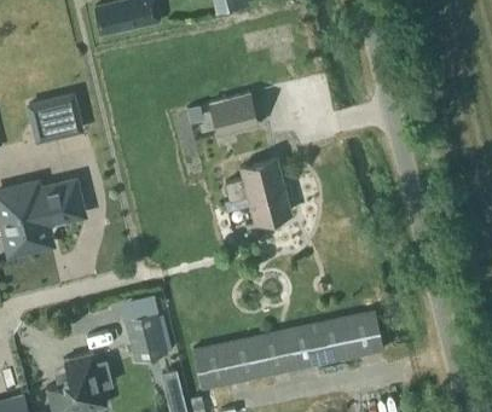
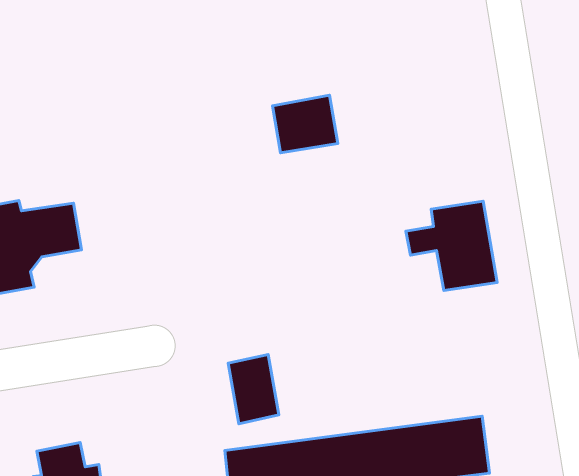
building: [28,95,81,141] -> none
building: [222,158,290,224] -> [406,201,497,290]
building: [126,308,164,359] -> [228,354,279,424]

